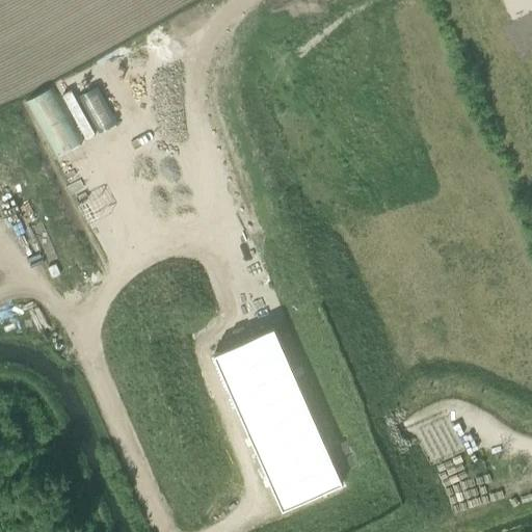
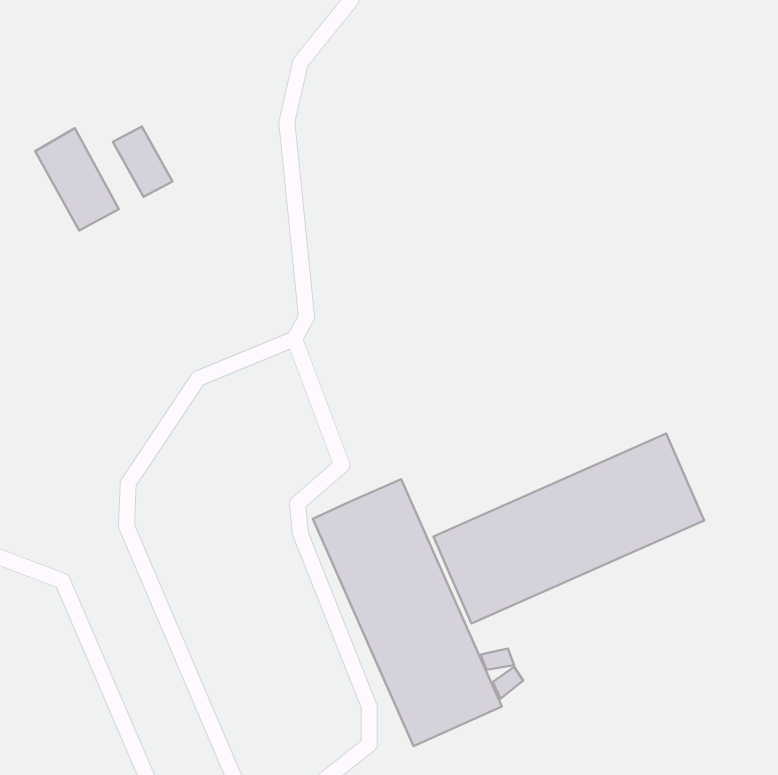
building: none -> [434,433,704,623]

